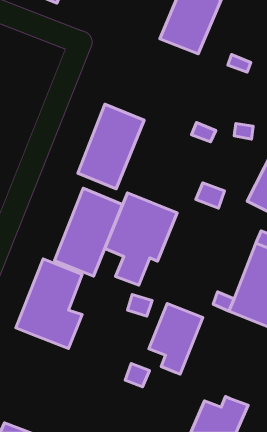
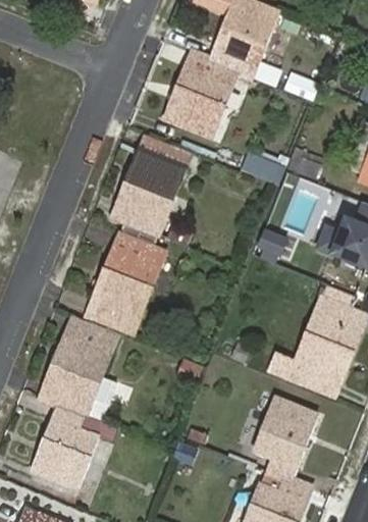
building: none -> [166,52,238,137]
building: [105,193,177,285] -> none
building: [149,304,203,374] -> [254,397,317,479]
building: none -> [32,404,110,487]

